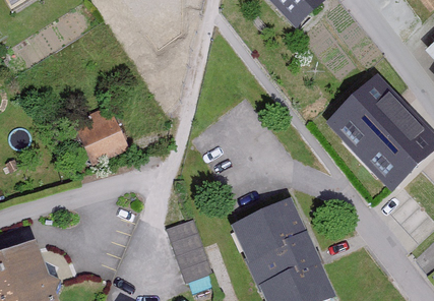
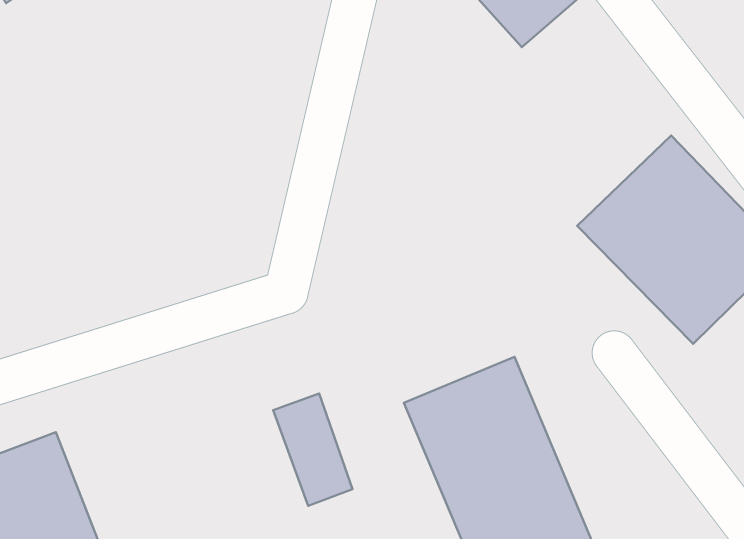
building: [67,106,124,165] -> none

